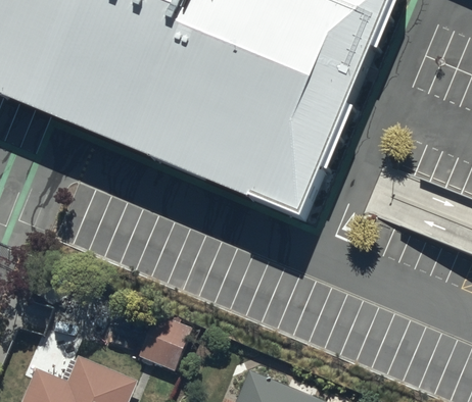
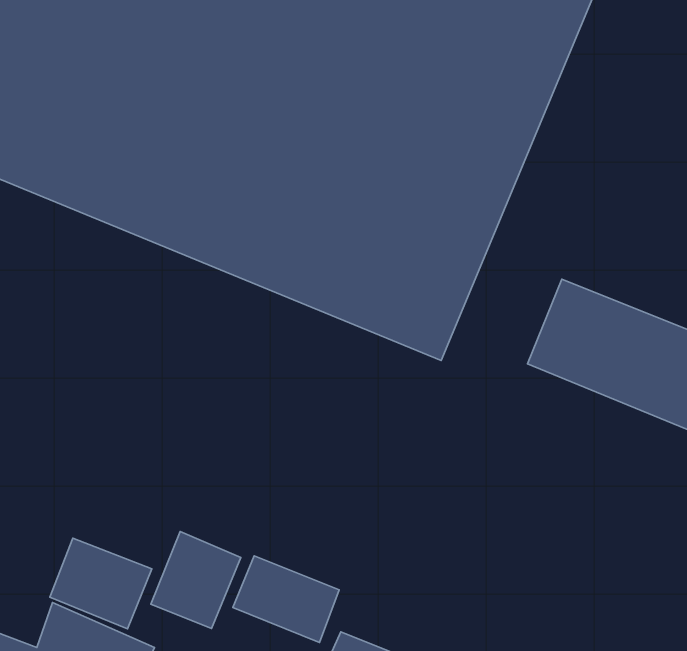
building: none -> [50,538,152,629]
building: none -> [233,556,339,642]

